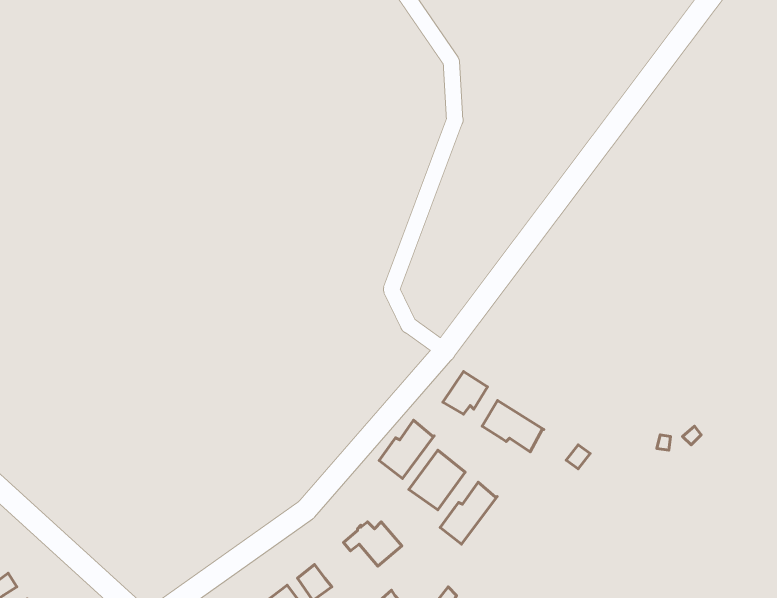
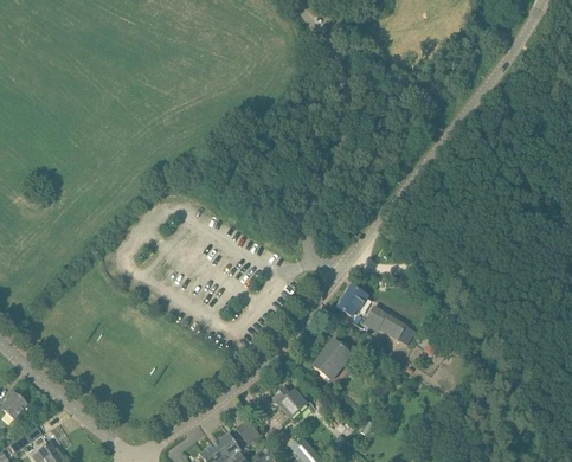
building: [379,420,434,479] -> none
building: [440,482,497,544] -> none

